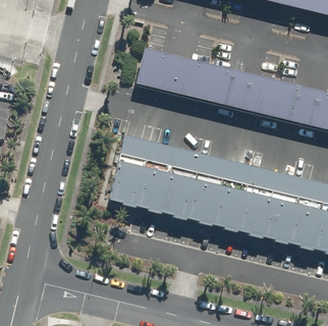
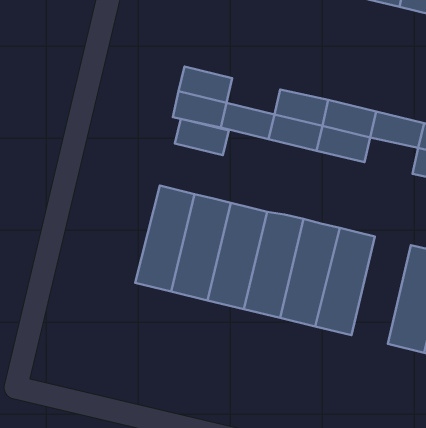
building: [173,58,211,84] -> [175,119,229,155]
building: [270,100,308,125] -> none
building: [261,169,303,244] -> none

